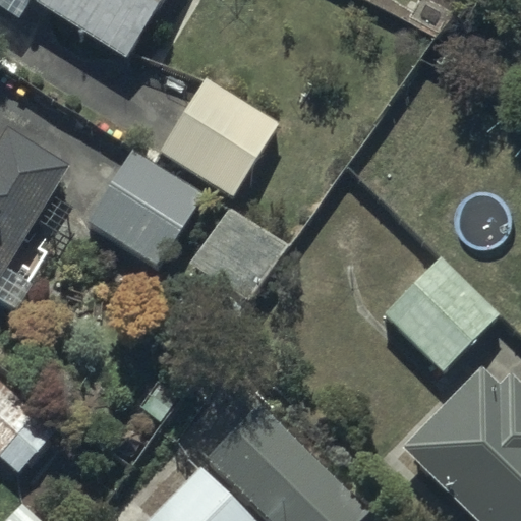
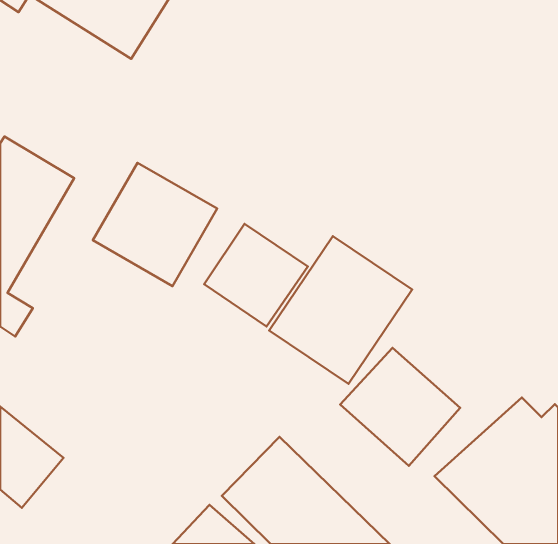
building: [158,76,279,197] -> none
building: none -> [269,236,412,384]
building: [384,258,496,368] -> [340,348,460,466]

